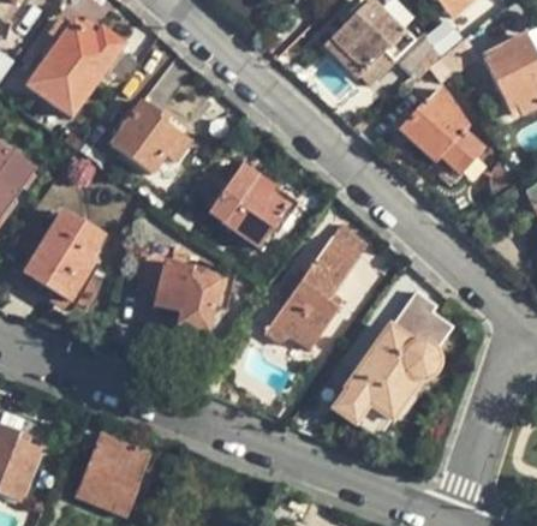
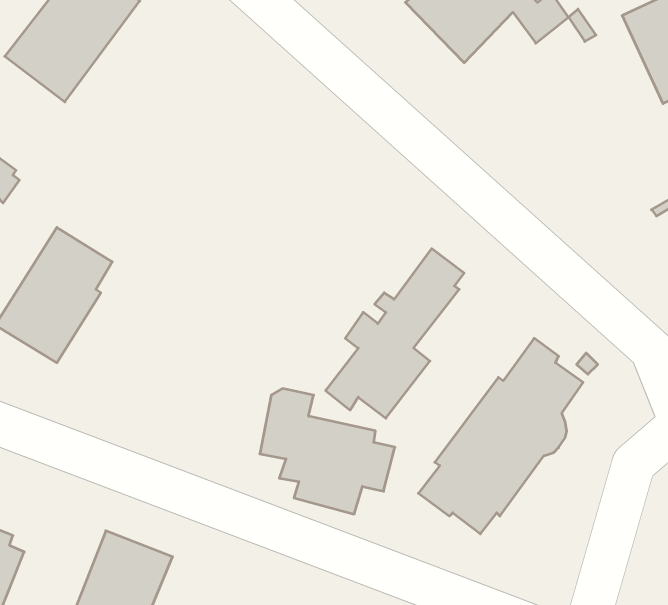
building: [393,85,482,180] -> none
building: [112,100,191,173] -> none
building: [173,162,290,250] -> none
building: [137,240,237,333] -> [260,389,395,514]

